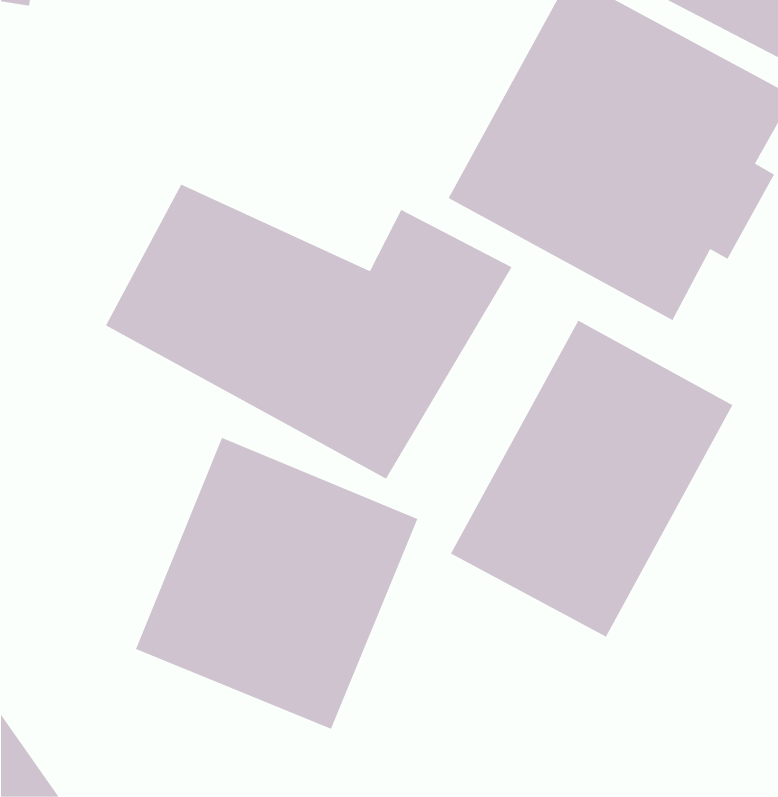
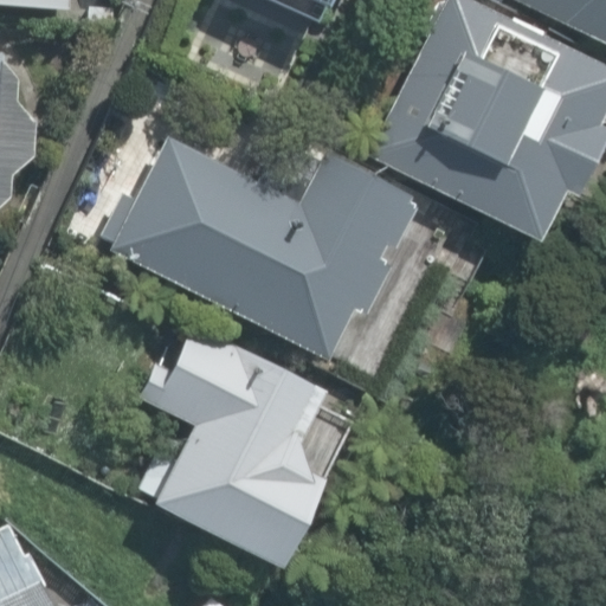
building: [450,320,733,638] -> none

